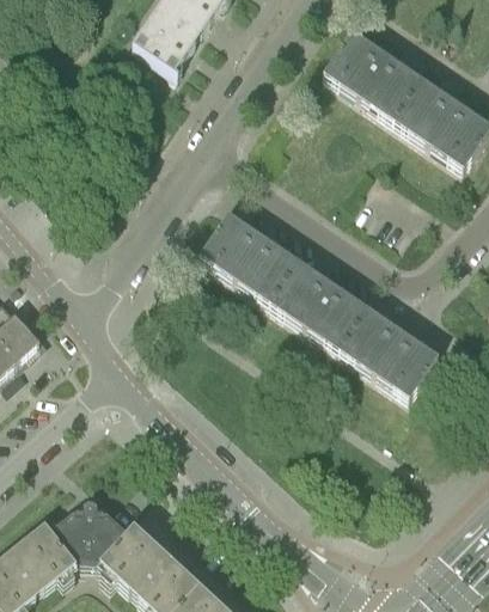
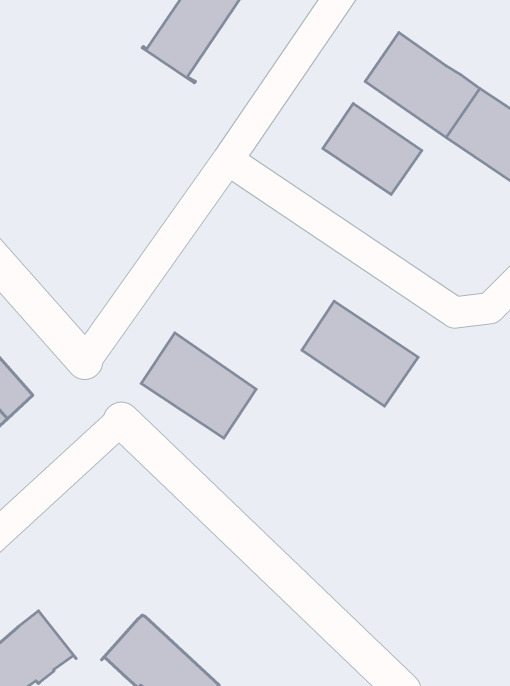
building: none -> [323,103,422,194]
building: [201,214,299,304] -> [141,333,256,438]
building: [342,310,440,398] -> none
building: [47,500,132,568] -> none

